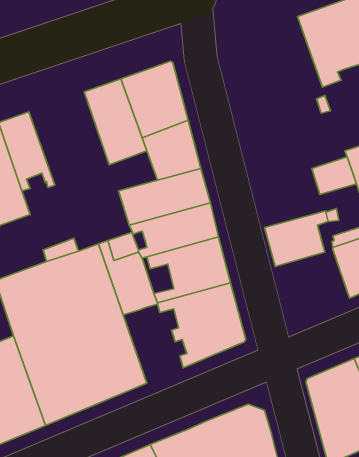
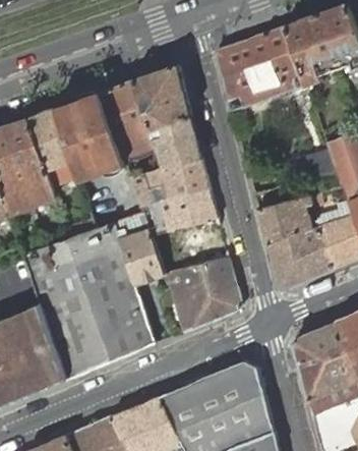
building: none -> [215,26,305,111]
building: none -> [53,92,126,182]
building: none -> [265,228,330,290]

